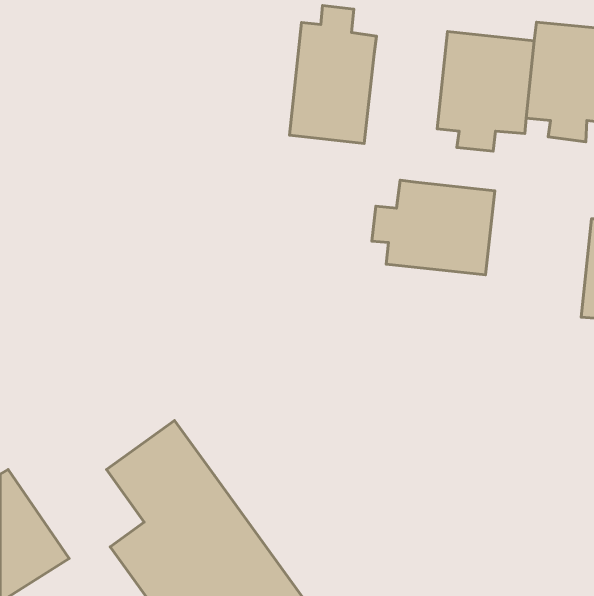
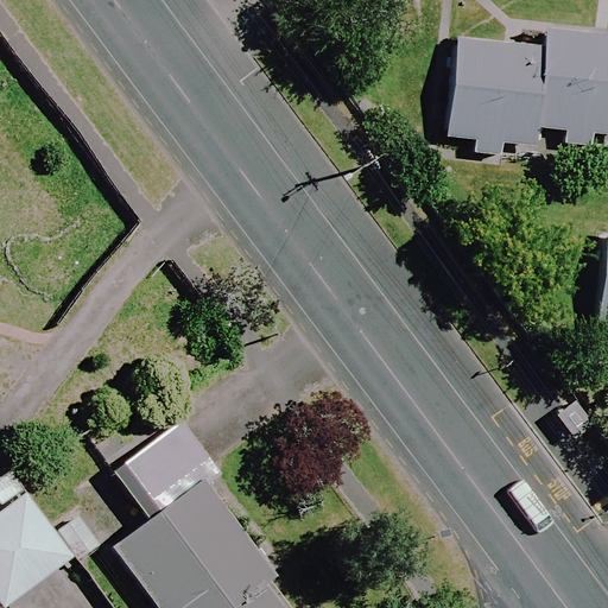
building: [289,5,376,143] -> none
building: [372,180,495,275] -> none

